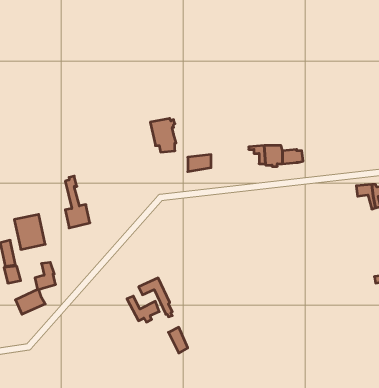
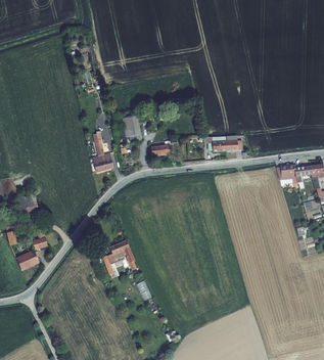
building: [65,176,90,228] -> [93,131,112,172]

